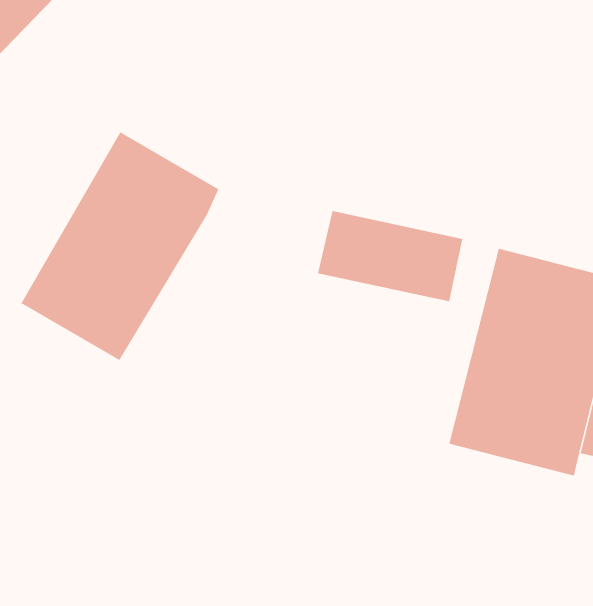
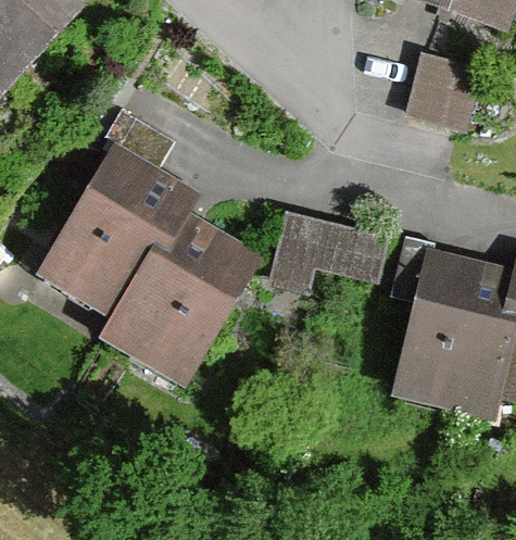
building: none -> [400,51,490,130]
building: none -> [100,211,260,398]

